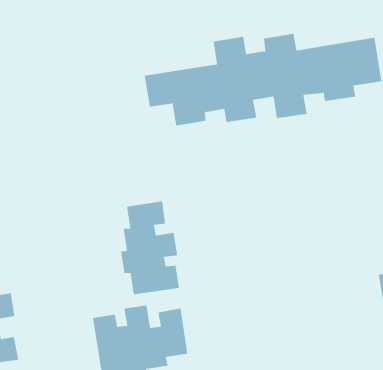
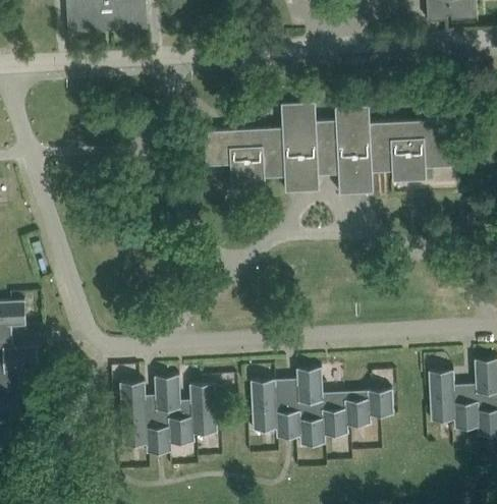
building: [121,200,179,295] -> none
building: none -> [251,368,393,445]

